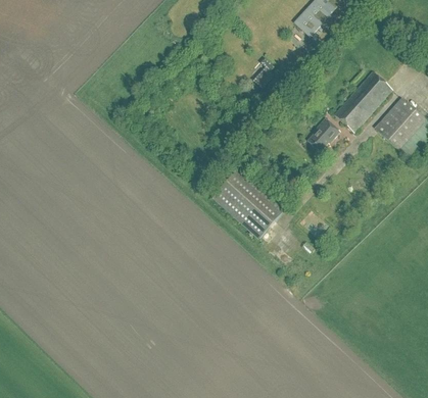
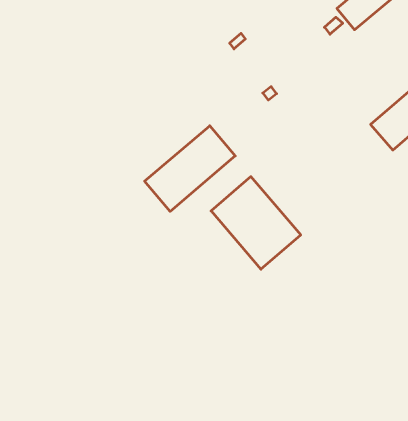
building: [305,116,338,150] -> none
building: none -> [145,126,235,211]

